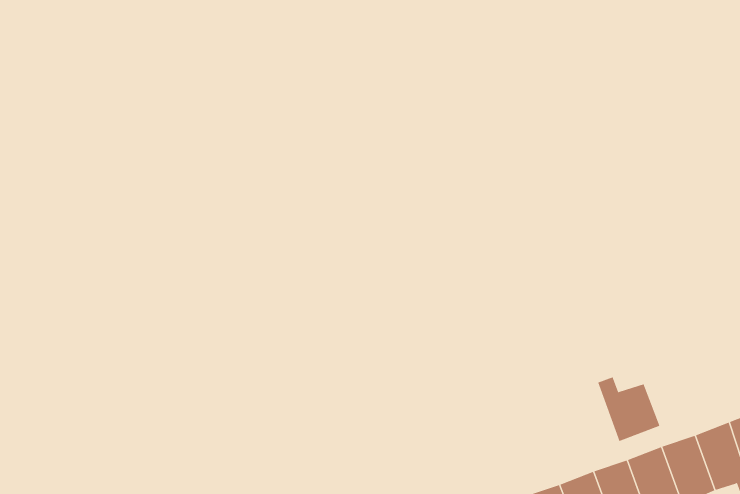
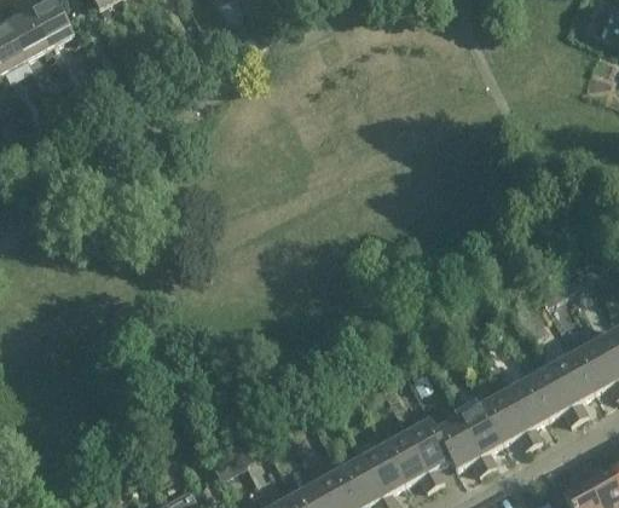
building: [597,377,660,442] -> none

